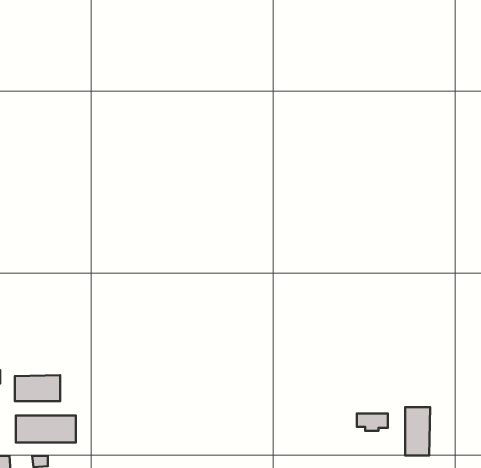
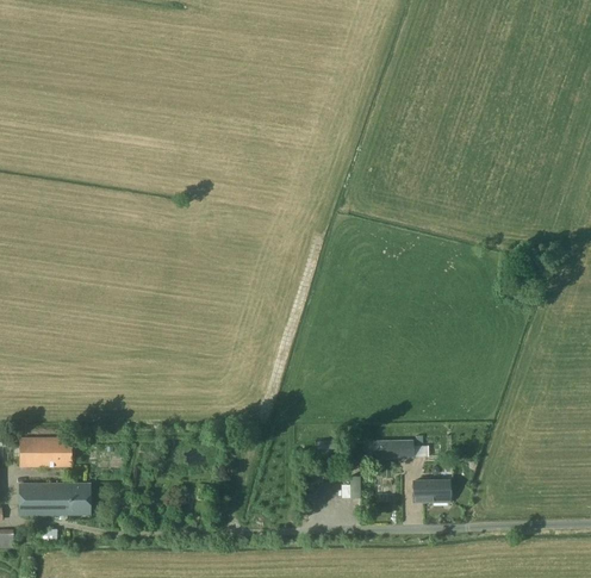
building: none -> [368,440,413,458]
building: [405,407,430,456] -> none

